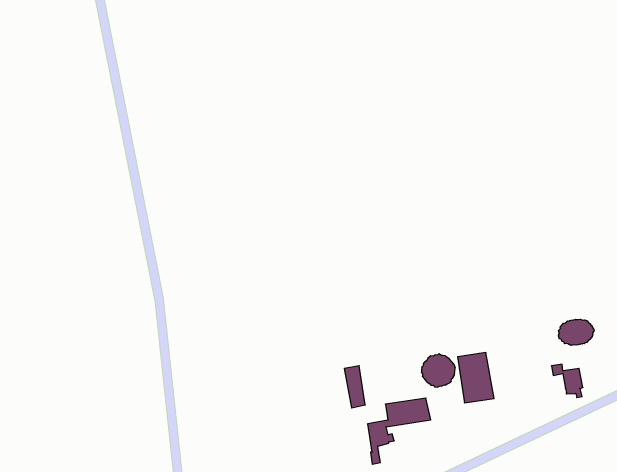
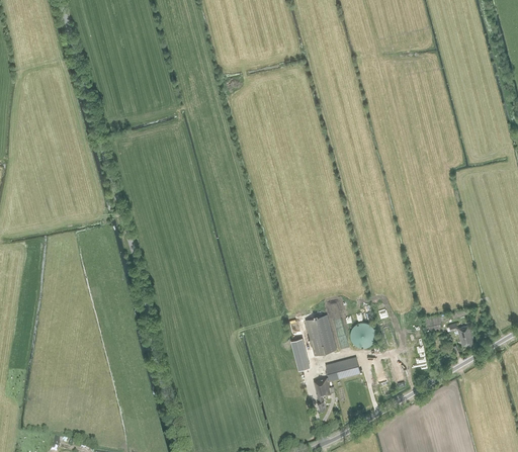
building: [559,319,594,345] -> none
building: [458,353,494,403] -> [306,315,336,355]

